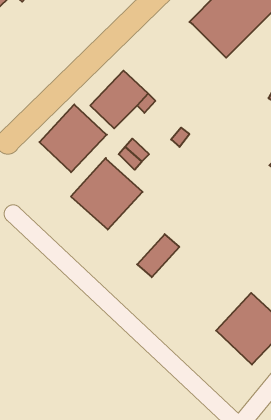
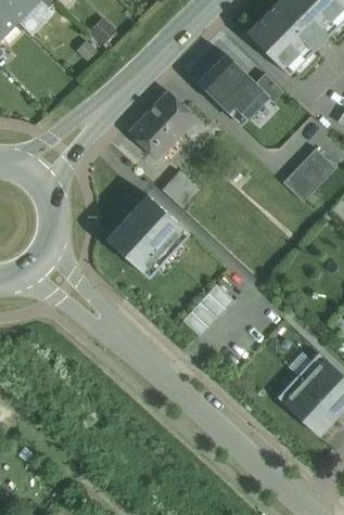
building: none -> [196,53,269,125]
building: [39,104,107,172] -> none
building: none -> [284,147,335,197]

